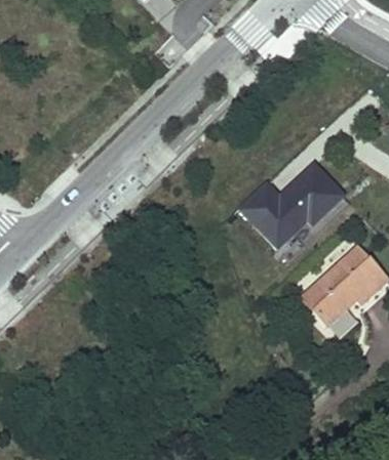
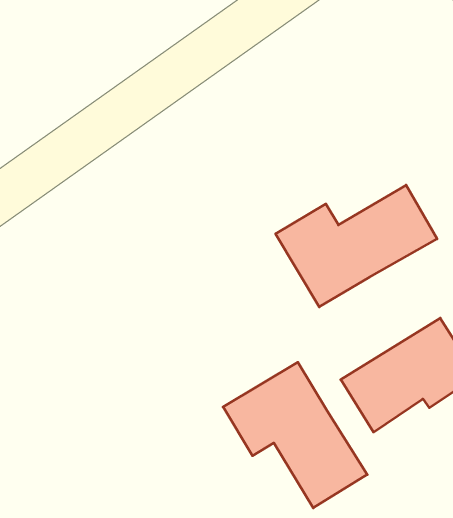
building: none -> [223,362,367,508]

